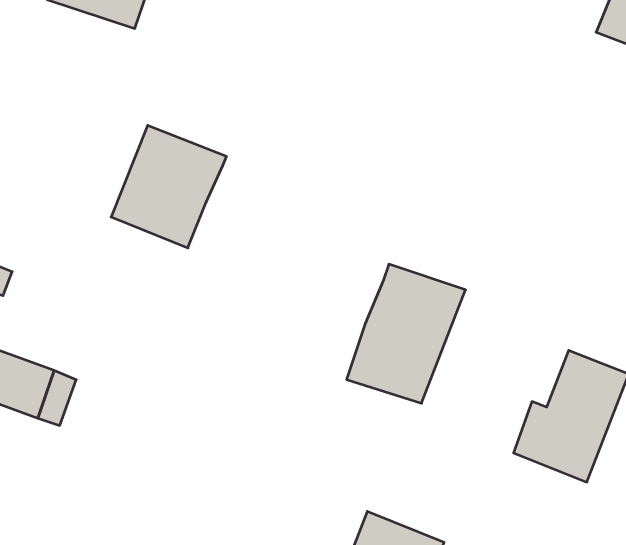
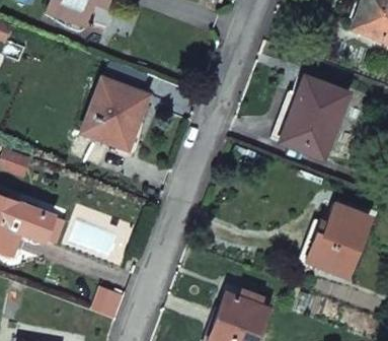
building: [347,264,466,403] -> [280,79,345,156]

